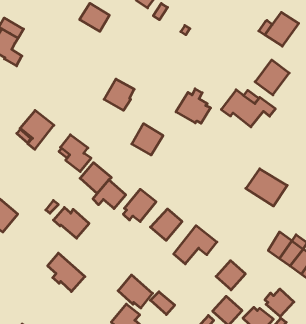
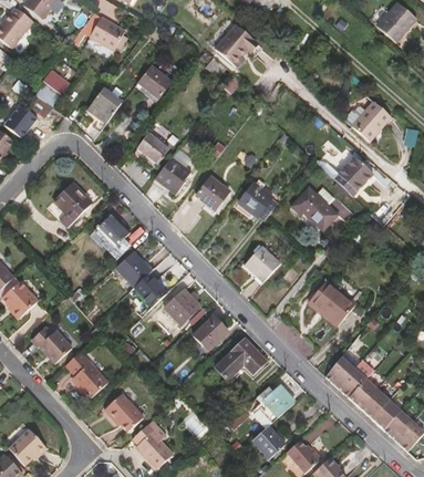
building: none -> [87,87,123,124]
building: none -> [137,133,169,163]
building: [132,124,163,155] -> [194,174,231,211]
building: none -> [244,245,281,282]
building: [53,207,89,238] -> [31,325,72,363]
building: [118,275,153,308] -> [104,392,144,432]
building: [265,289,294,317] -> none

